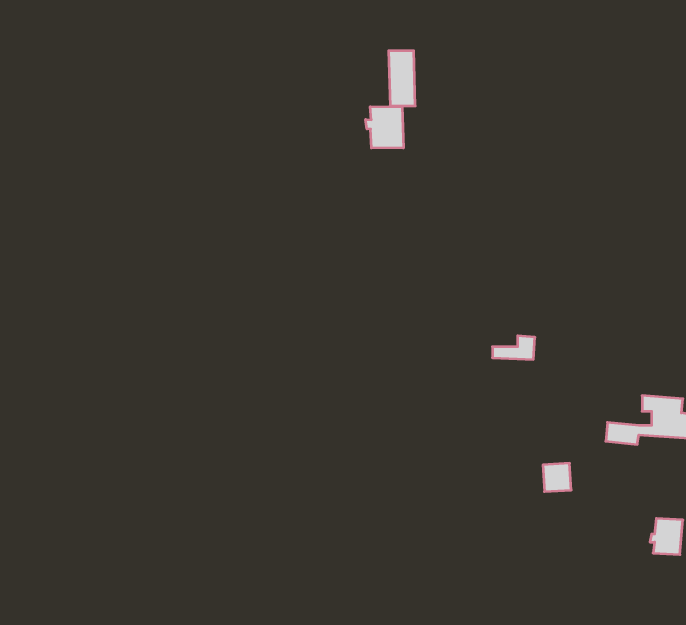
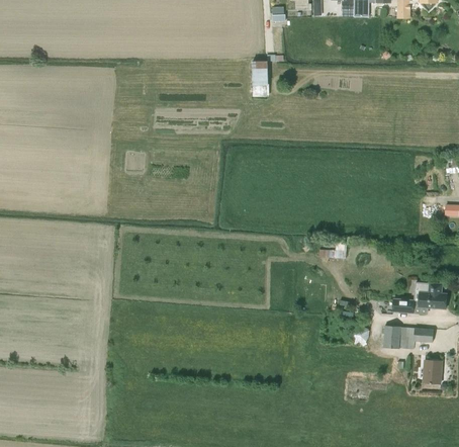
building: [366,107,403,148] -> none
building: none -> [383,326,433,349]

